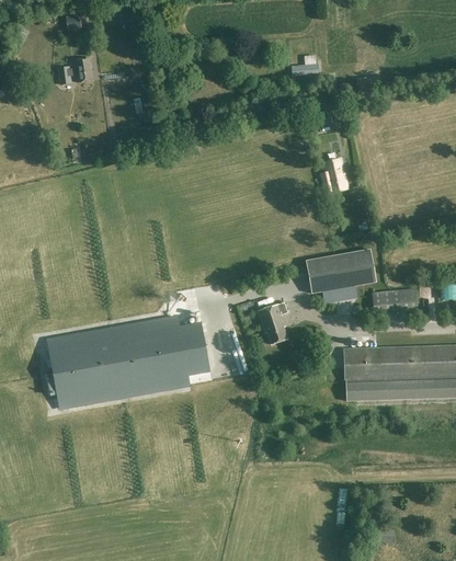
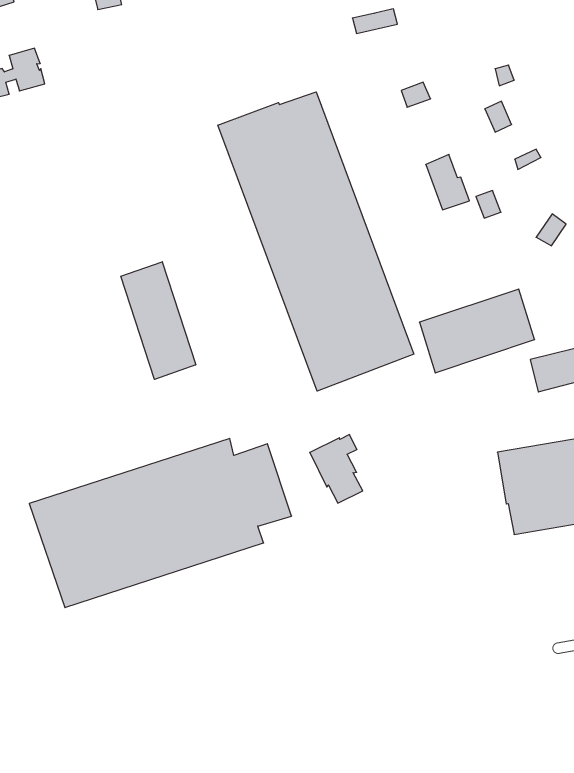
building: none -> [218,92,414,391]
building: none -> [121,262,196,379]
building: [258,302,287,344] -> [310,435,363,503]

